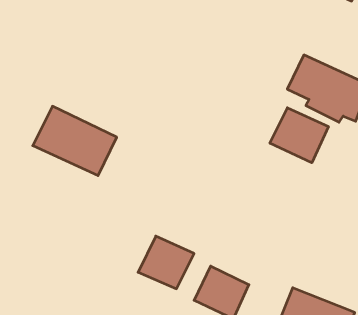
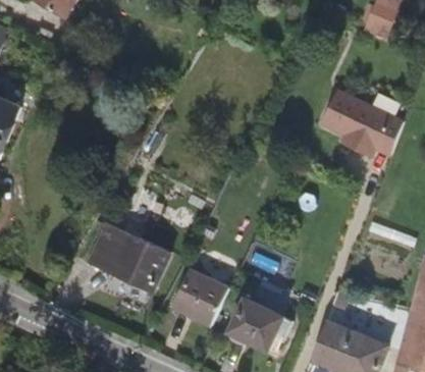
building: [33,106,117,176] -> [87,223,169,291]
building: [270,108,328,163] -> none

